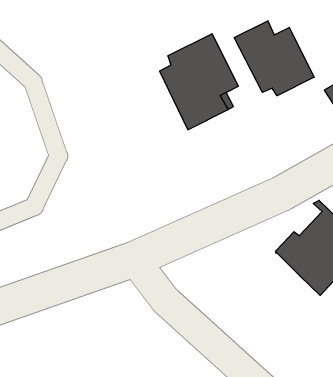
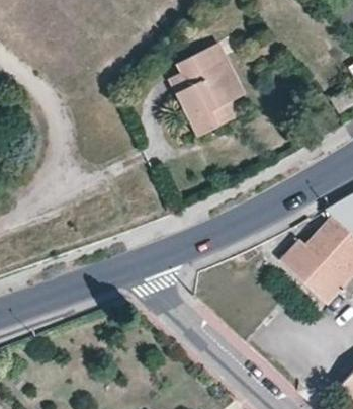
building: [234,21,314,96] -> none

